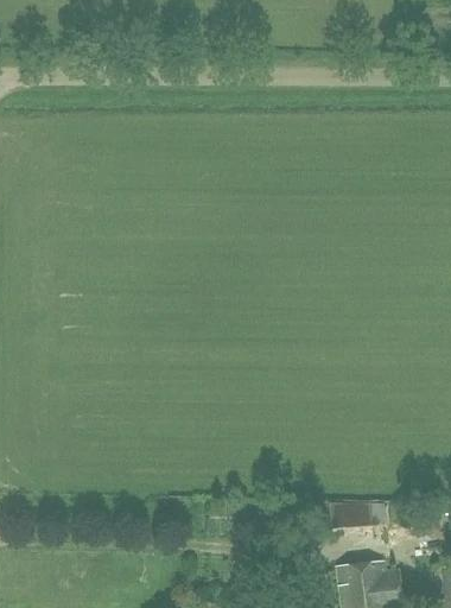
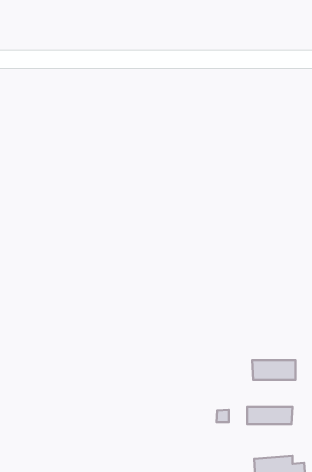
building: none -> [252,360,296,380]

